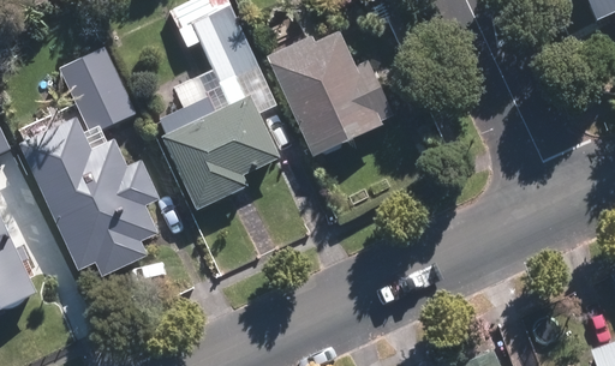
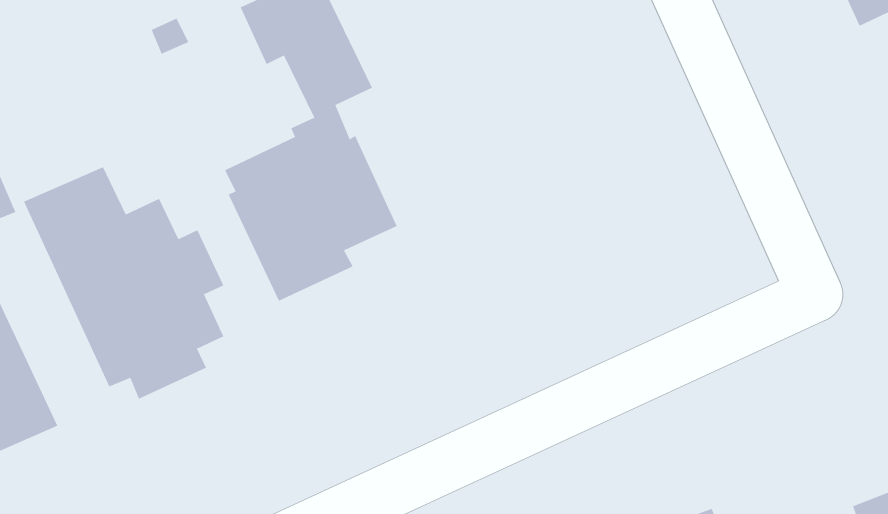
building: [269,31,396,157] -> none
building: [59,46,136,134] -> none

